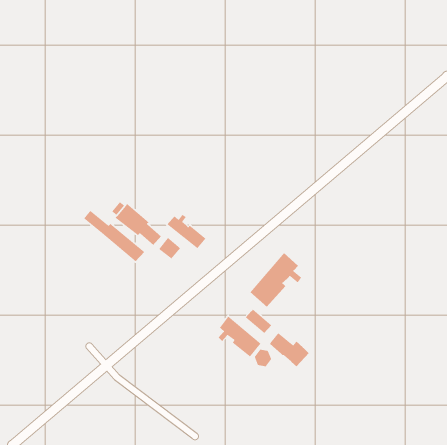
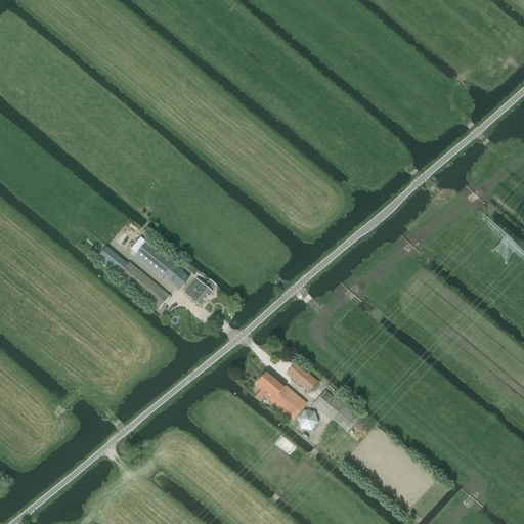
building: [167,214,206,249] -> none
building: [249,252,302,308] -> none

